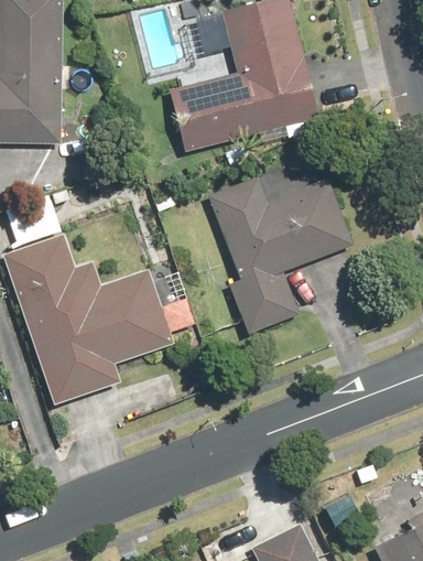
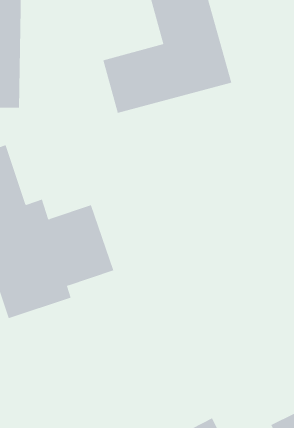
building: [203,172,356,336] -> none

